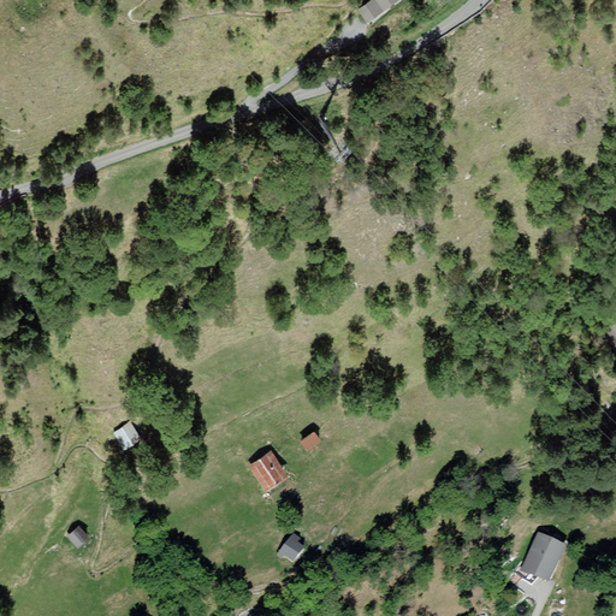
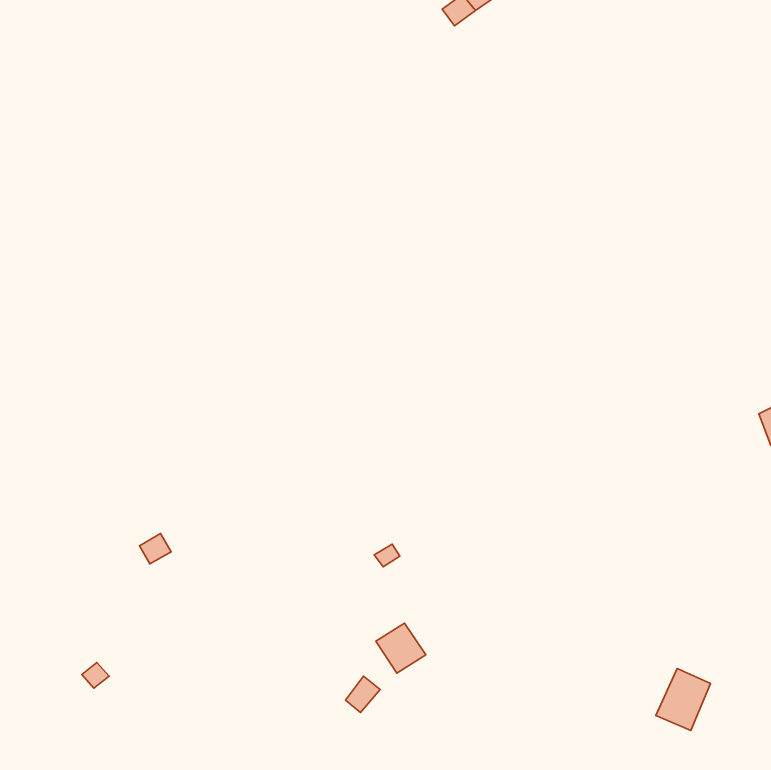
building: [248,451,288,491] -> [376,623,426,673]

